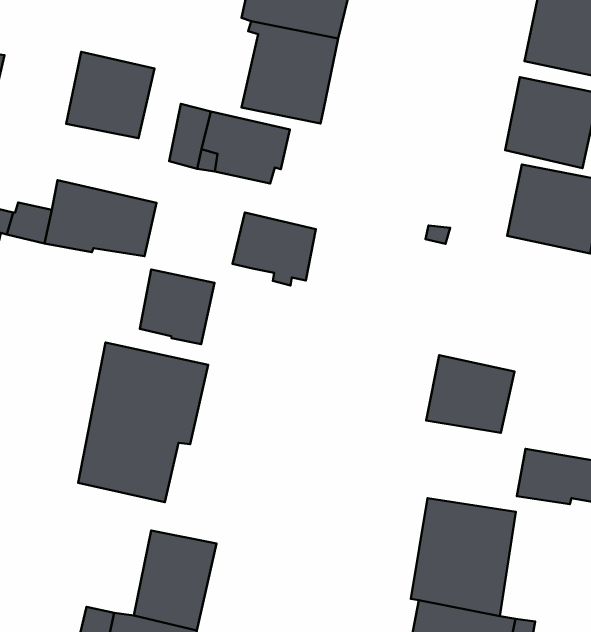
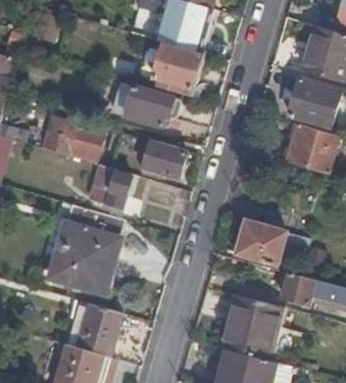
building: [66,52,155,138] -> none

